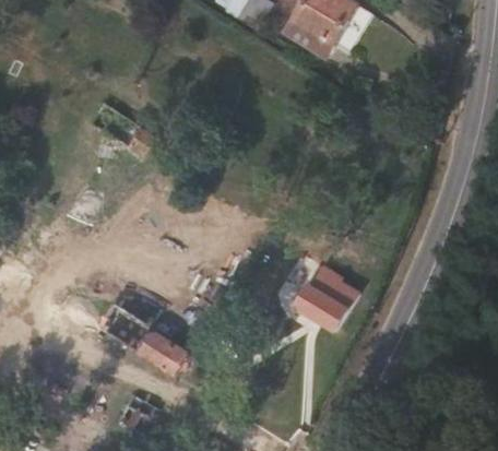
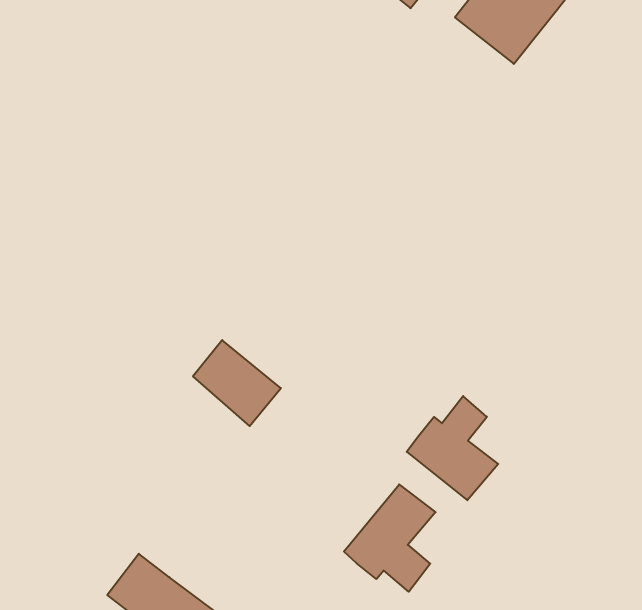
building: [137,327,192,378] -> [193,340,281,426]
building: none -> [344,484,436,592]

